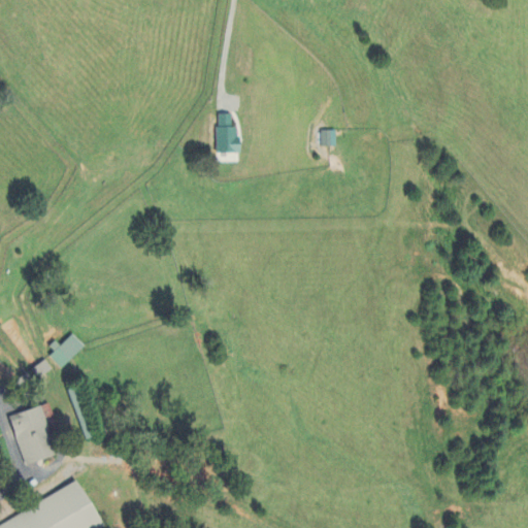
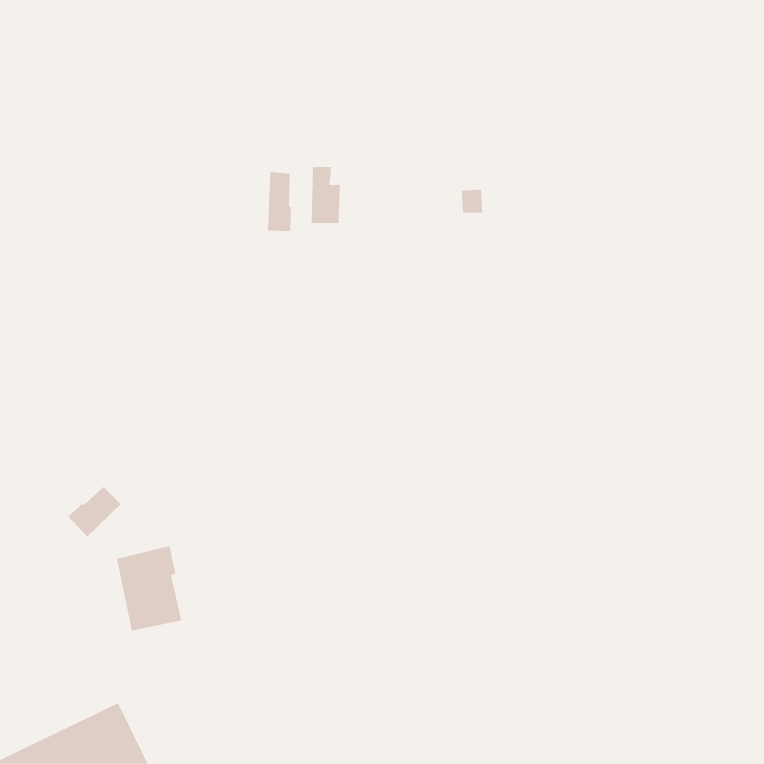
building: none -> [268,171,291,232]
building: [11,405,57,464] -> [116,545,182,631]

